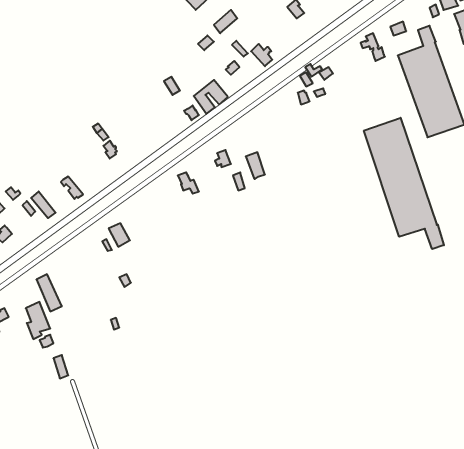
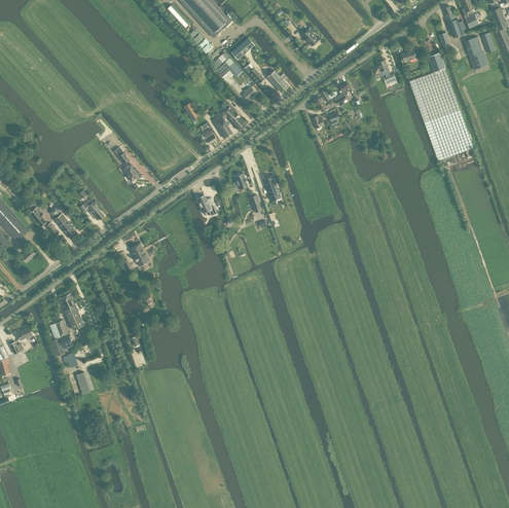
building: [364,118,444,249] -> none

